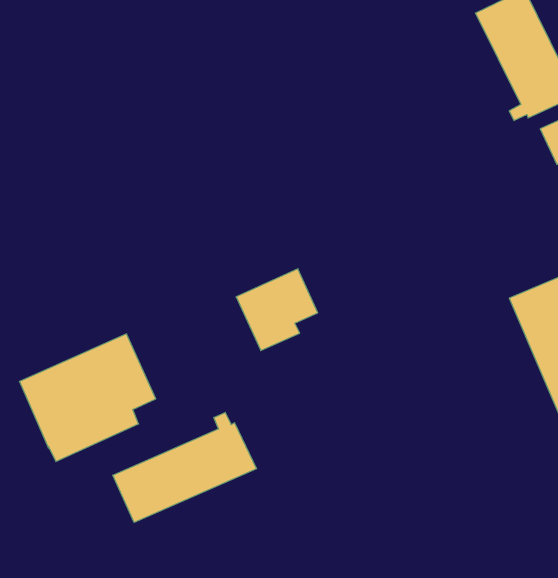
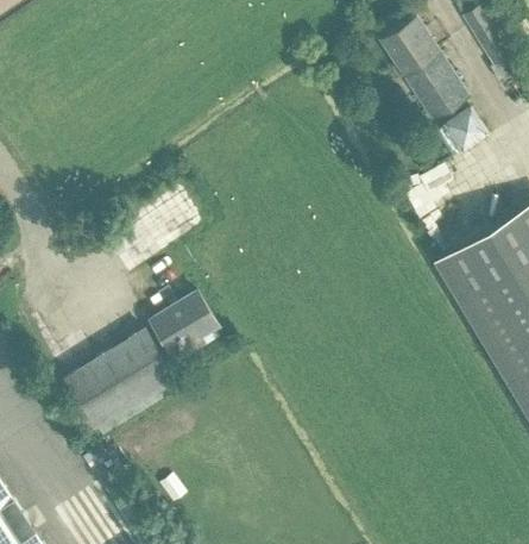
building: [236,269,318,351] -> [151,292,216,359]
building: [113,412,256,522] -> none

